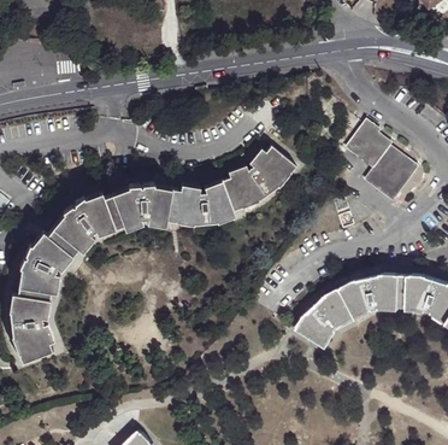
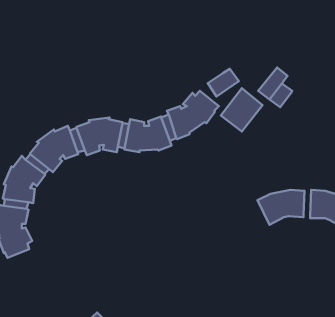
building: none -> [208,69,239,97]
building: [365,144,418,199] -> [221,88,262,132]
building: [296,287,356,347] -> none

